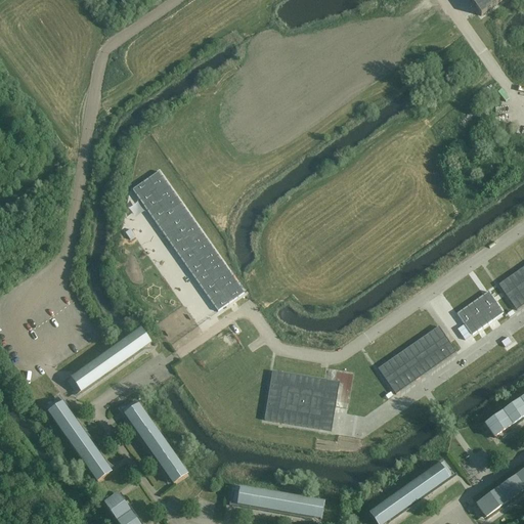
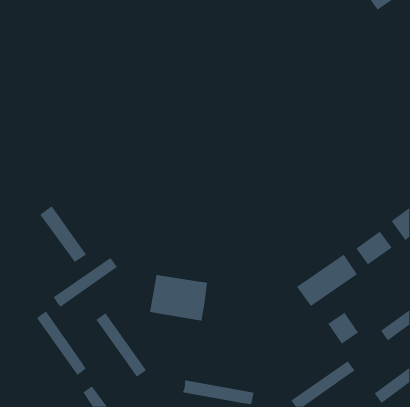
building: [134,170,246,310] -> none
building: none -> [40,206,87,263]
building: [264,369,339,429] -> [149,275,208,321]
building: none -> [328,312,359,344]

